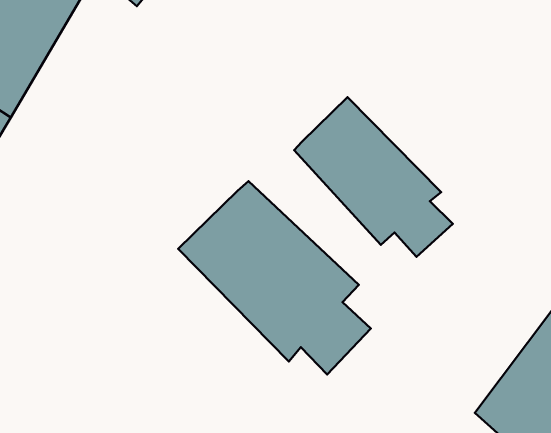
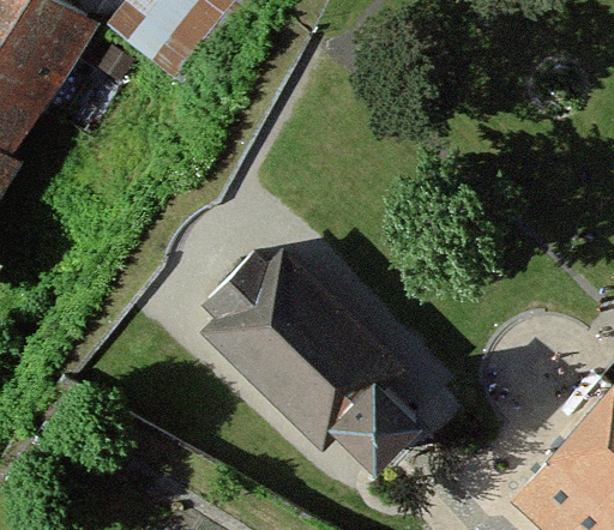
building: [294,97,453,257] -> none

